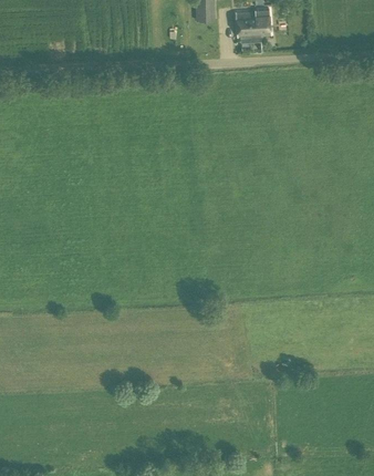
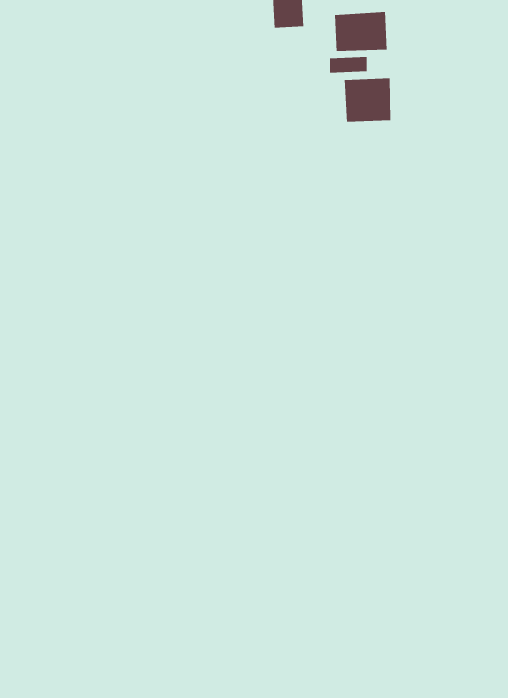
building: none -> [344,78,391,123]

